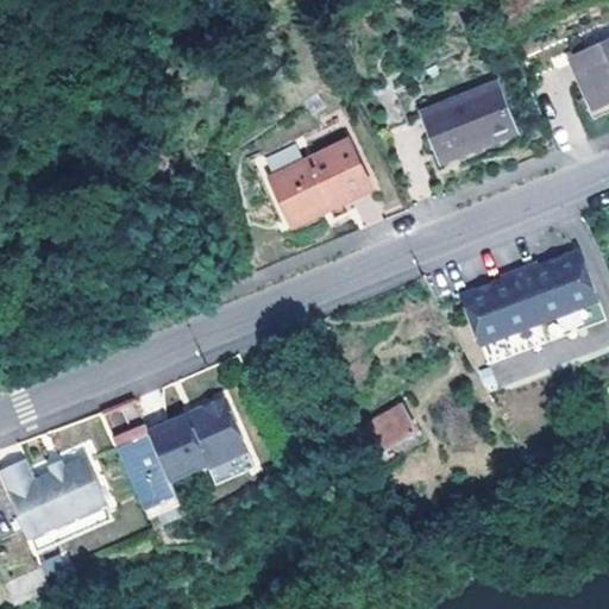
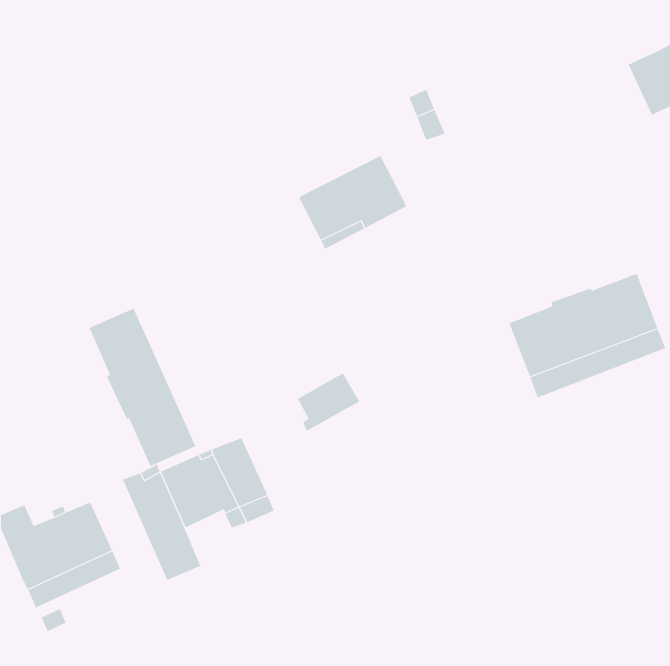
building: [421,82,513,159] -> none
building: none -> [89,308,196,467]
building: [357,402,414,456] -> [297,373,360,432]

